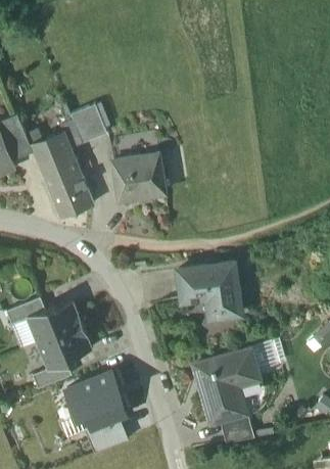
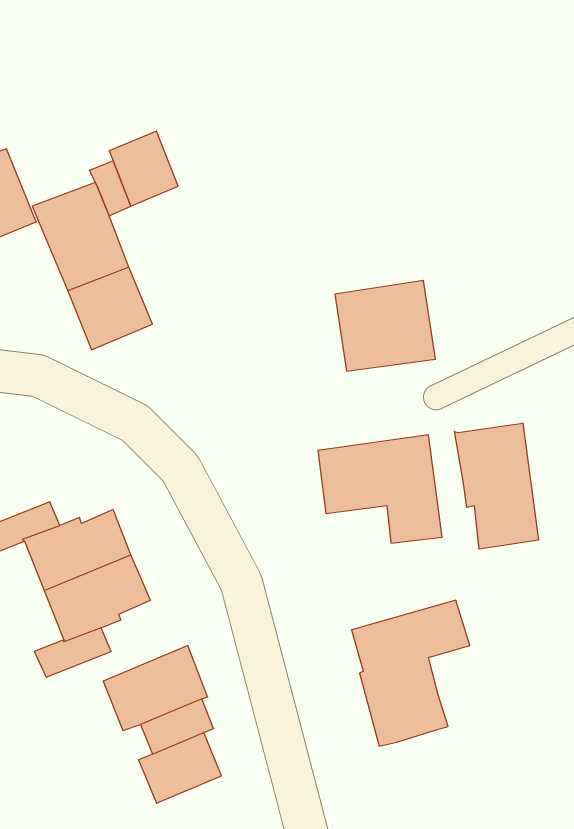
building: [113,152,166,199] -> [335,280,435,371]
building: none -> [455,423,539,549]
building: [220,413,253,443] -> none

